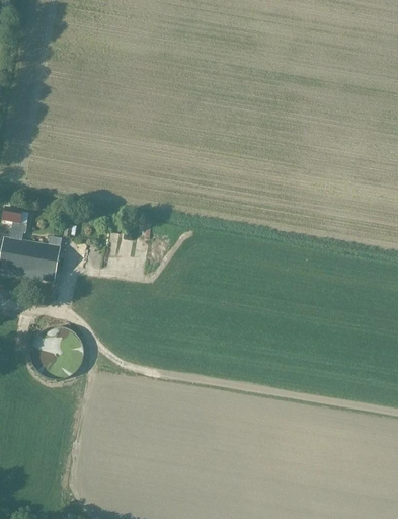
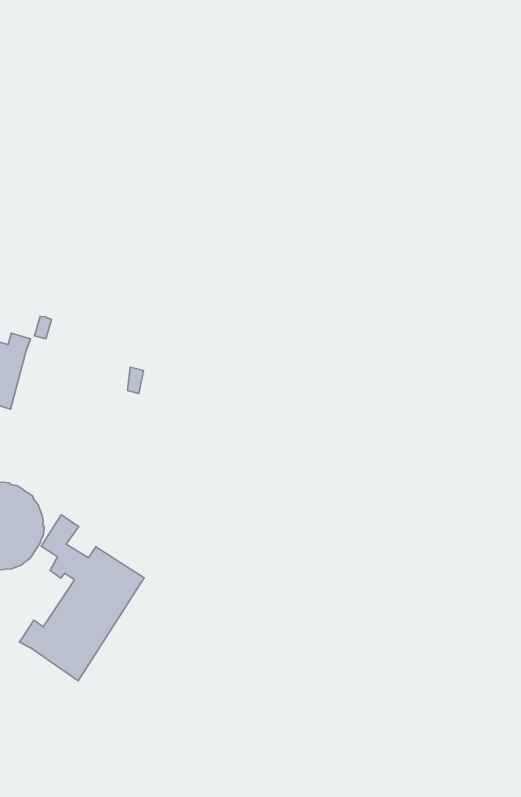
building: none -> [19,515,144,681]

